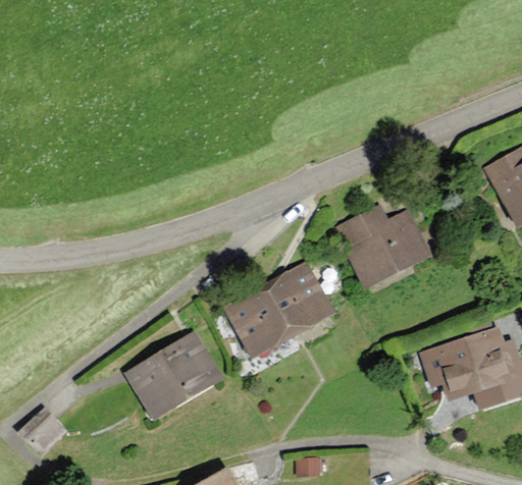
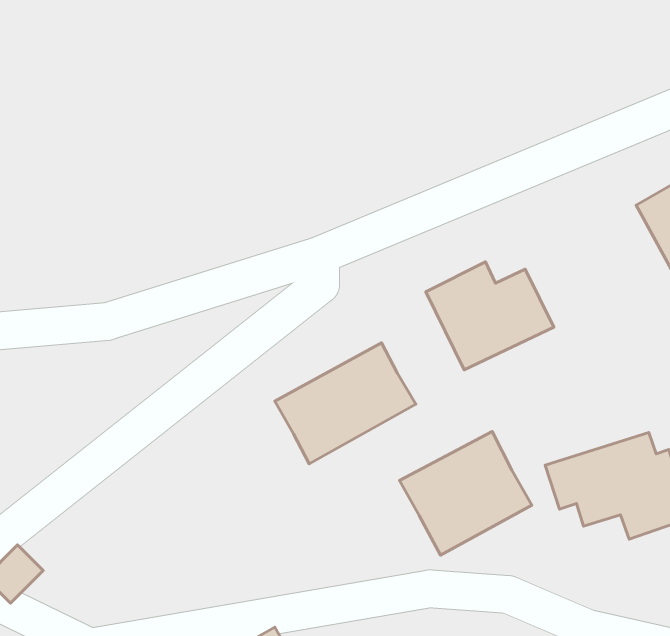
building: none -> [399,432,532,555]
building: [126,334,219,417] -> none

